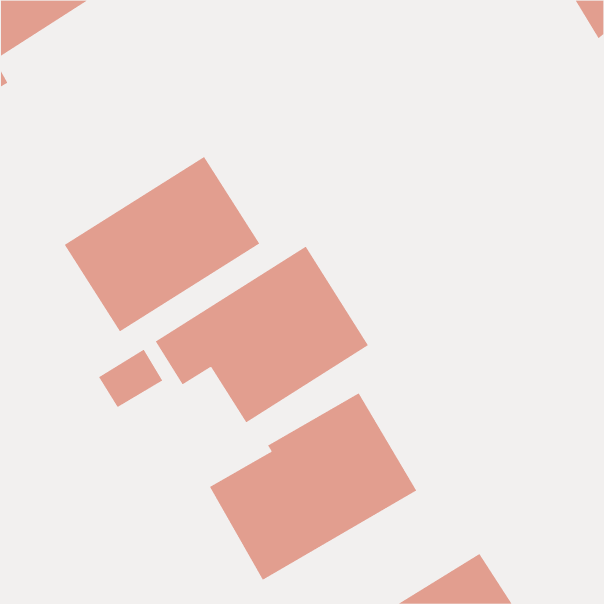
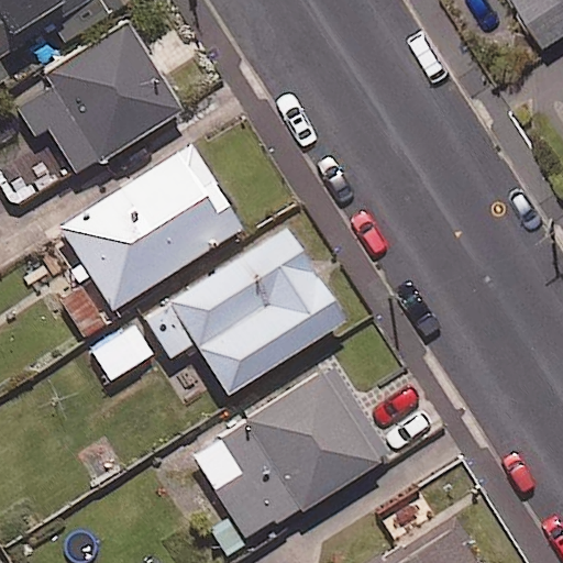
building: none -> [24,26,183,178]

